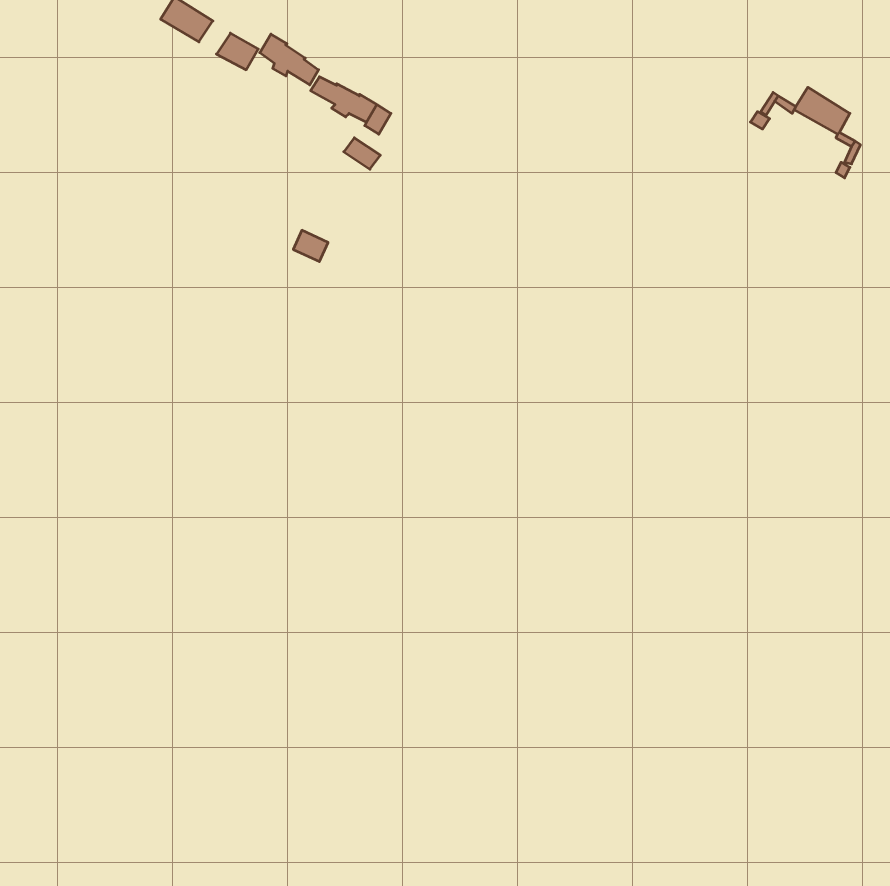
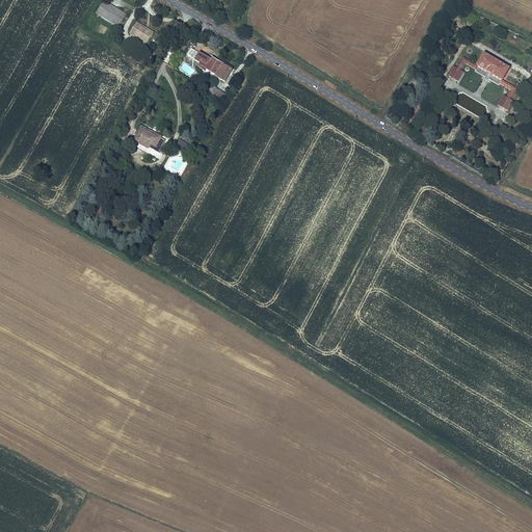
building: [260,34,319,85] -> none
building: none -> [134,124,166,151]

